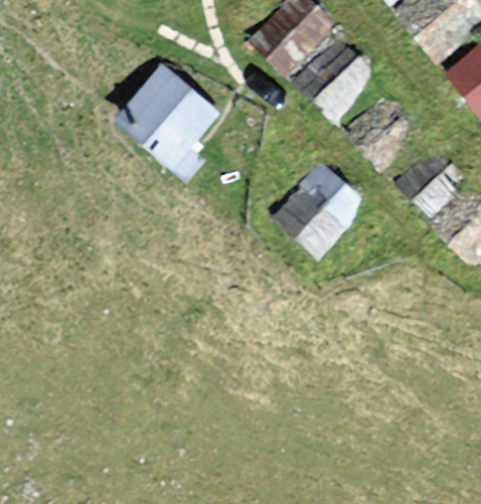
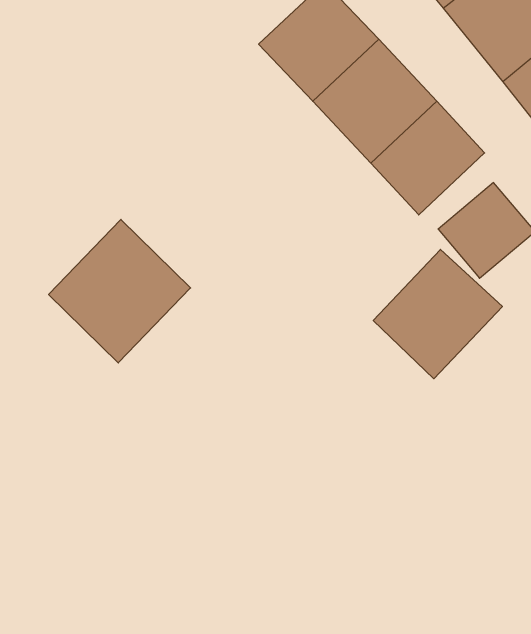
building: [110,61,220,173] -> [49,219,191,363]
building: [268,162,368,263] -> [373,249,502,379]

